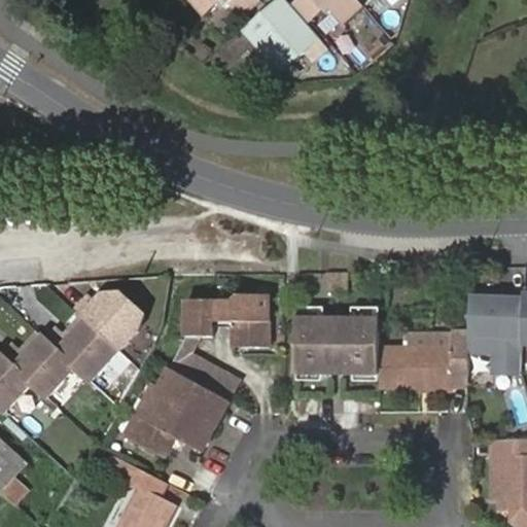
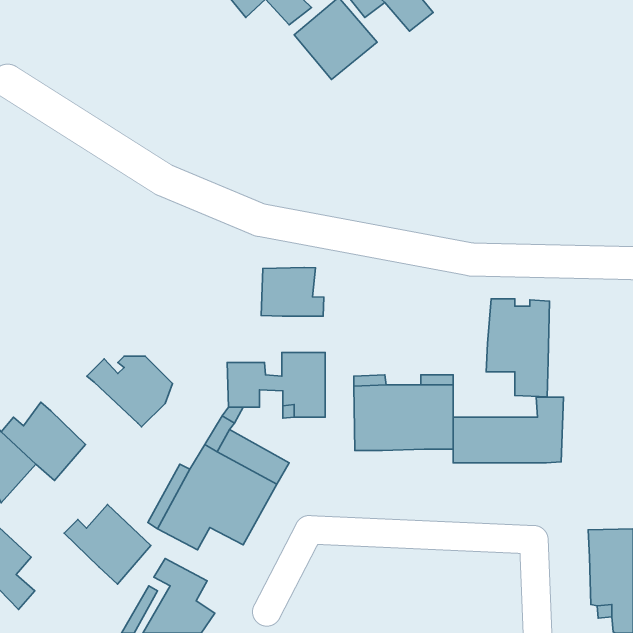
building: none -> [261,267,324,316]
building: [466,292,519,374] -> [486,299,550,397]
building: [42,317,114,383] -> [64,505,151,584]

